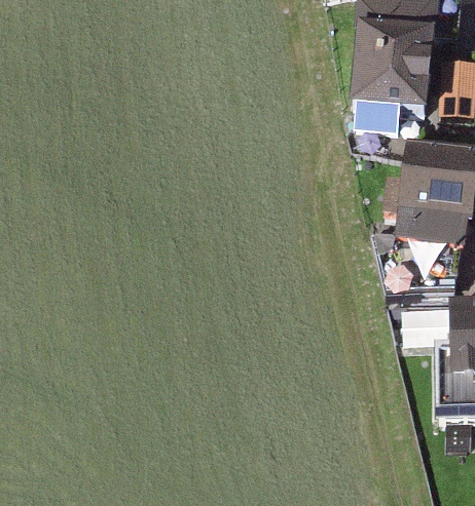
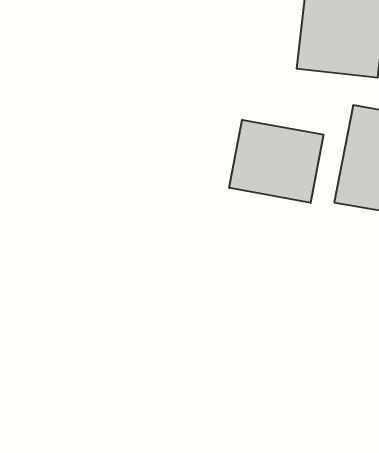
building: none -> [229,120,323,203]

